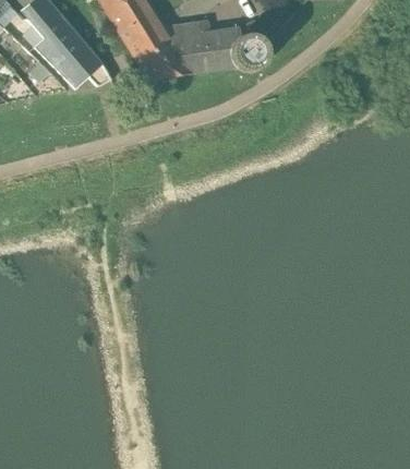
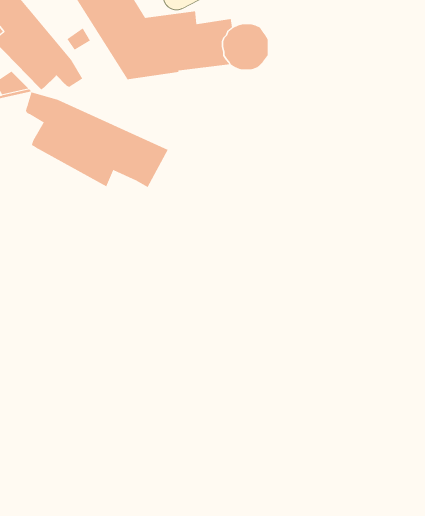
building: none -> [25,92,168,188]

